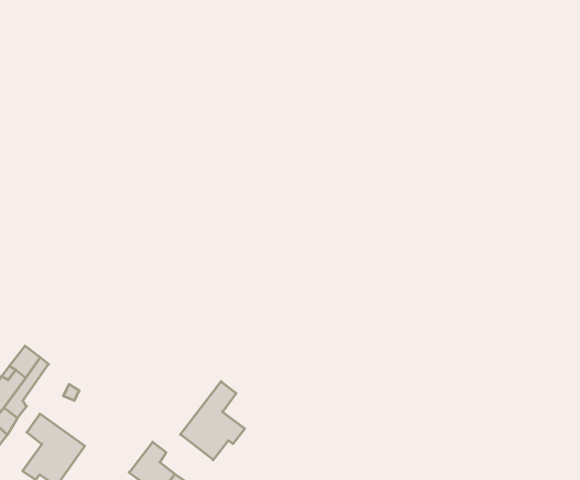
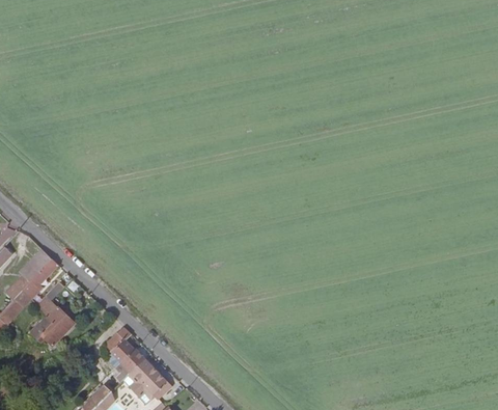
building: [180,381,245,460] -> none

